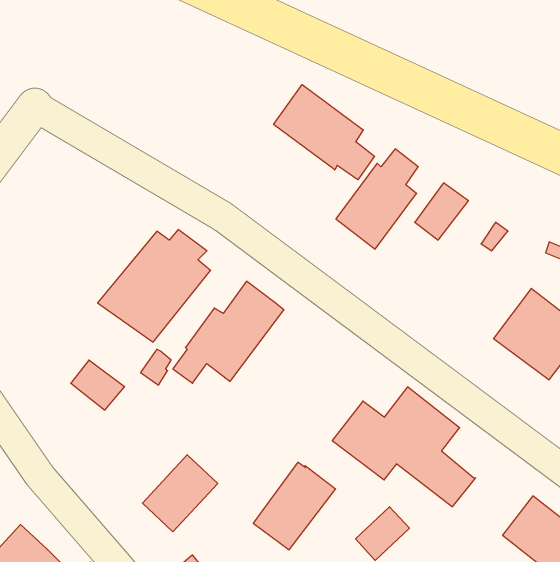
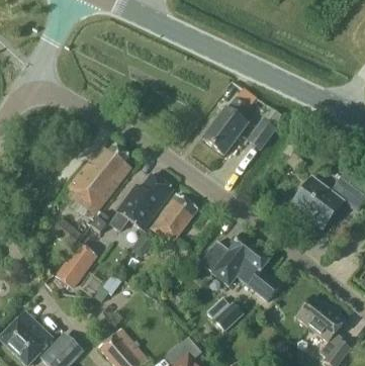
building: [274,85,375,180] -> none
building: none -> [56,244,95,289]
building: [253,462,336,550] -> [151,194,197,244]

